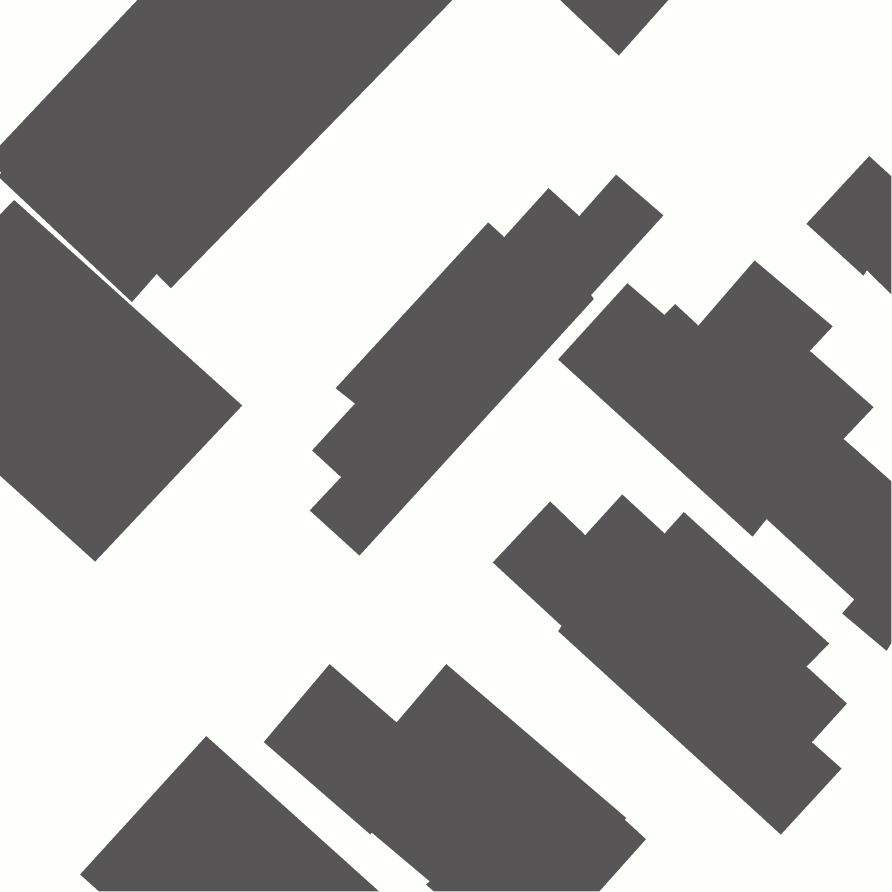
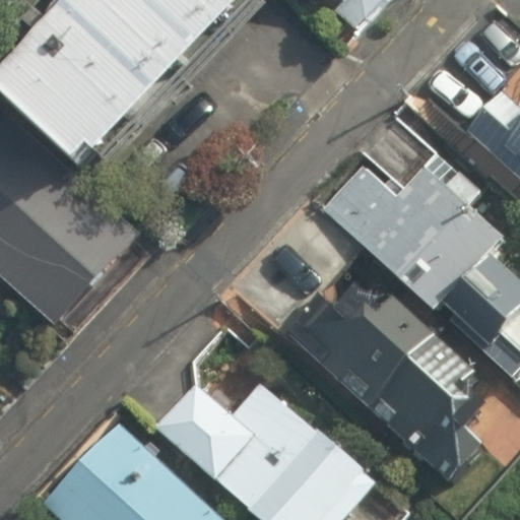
building: [309,173,664,557] -> none

